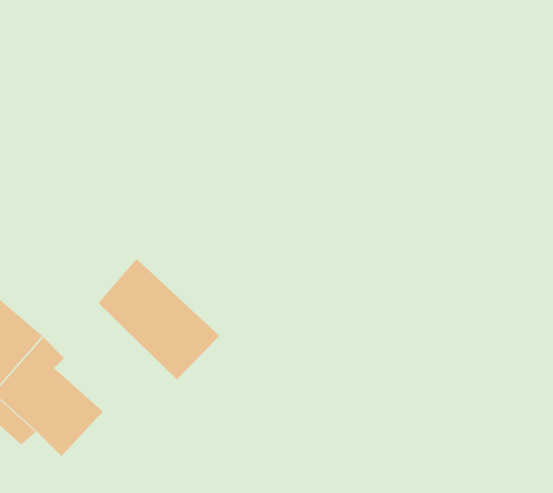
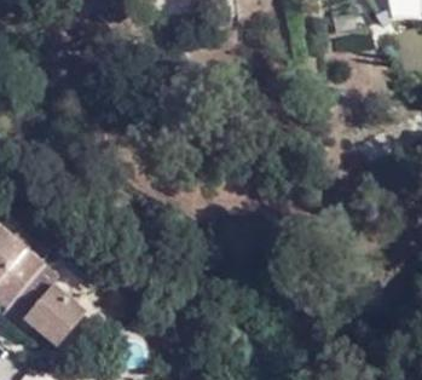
building: [98,258,220,380] -> none

